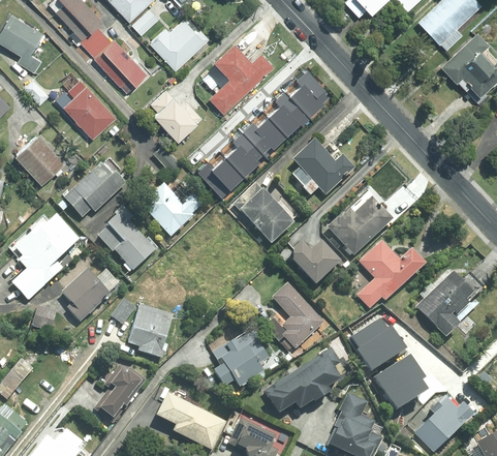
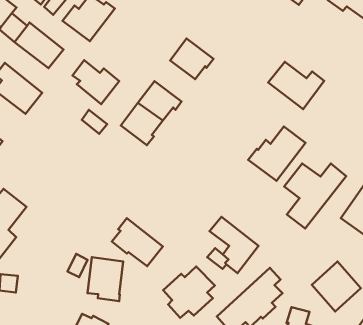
building: [210,43,272,111] -> none
building: [281,64,328,112] -> none
building: [239,105,283,152] -> none
building: [292,140,353,194] -> [268,62,324,109]
building: [63,163,125,218] -> none
building: [234,183,293,243] -> none
building: [141,184,203,236] -> none
building: [98,213,153,269] -> [112,218,163,266]
building: [292,241,340,284] -> none
building: [62,270,110,322] -> none
building: [349,317,401,368] -> none

